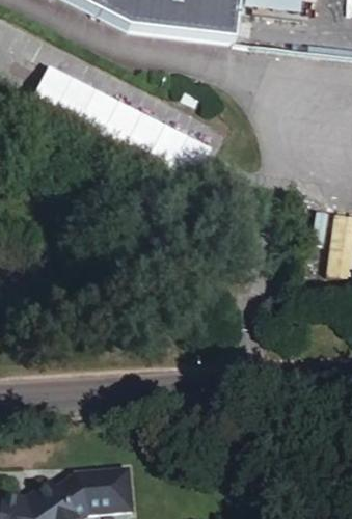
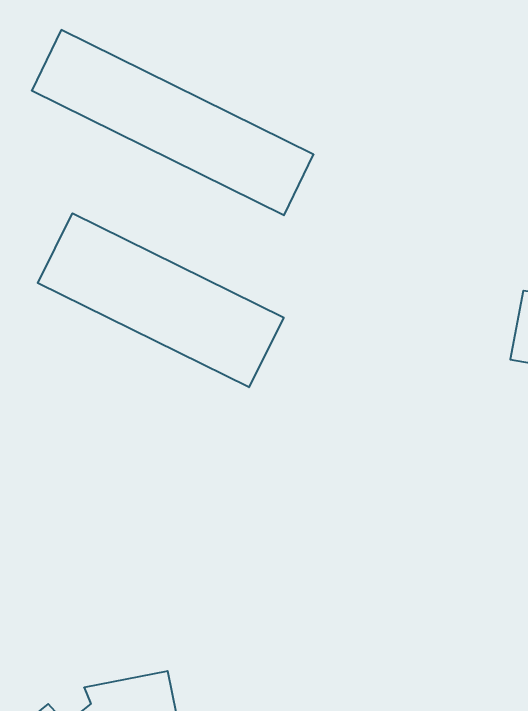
building: none -> [38,213,284,387]

